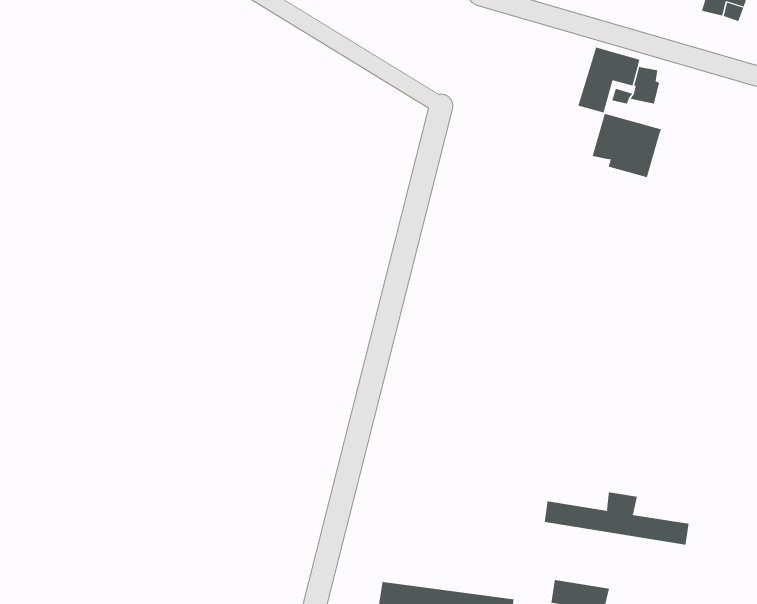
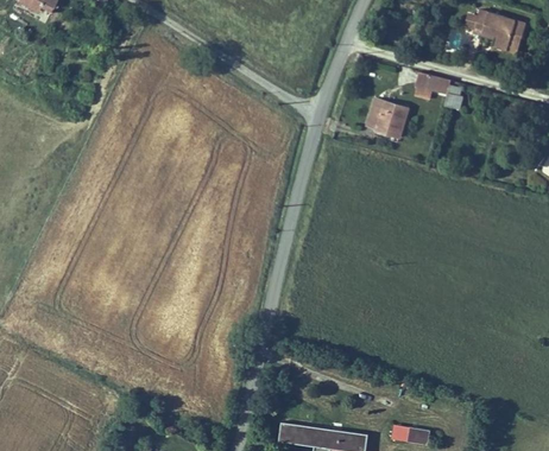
building: [592,113,662,178] -> [364,95,410,138]
building: [544,491,689,545] -> none

